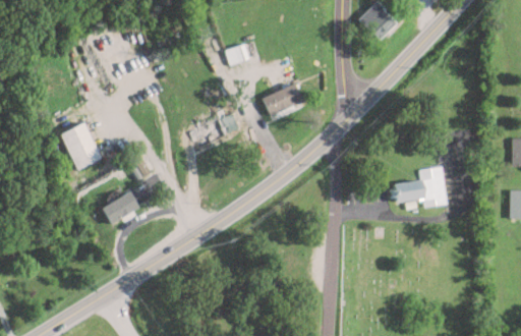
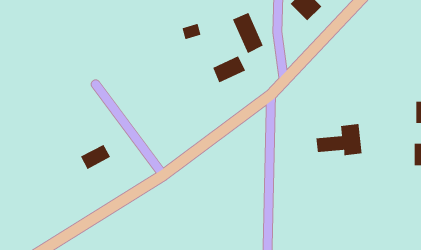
building: none -> [232,12,264,54]
building: [189,112,240,149] -> none
building: [59,122,100,169] -> none

